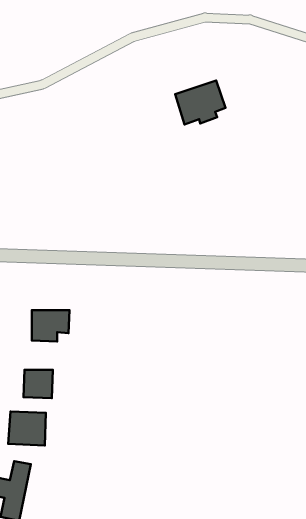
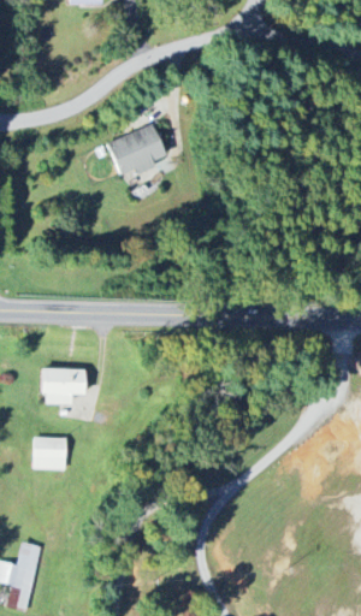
building: [175,80,226,124] -> [107,124,165,174]
building: [8,412,46,445] -> none

